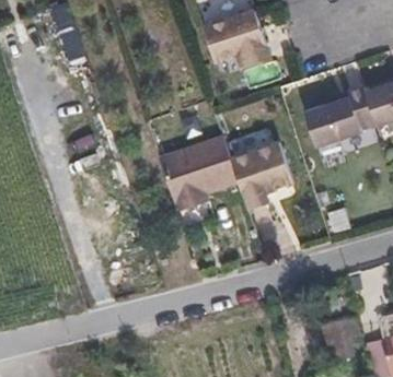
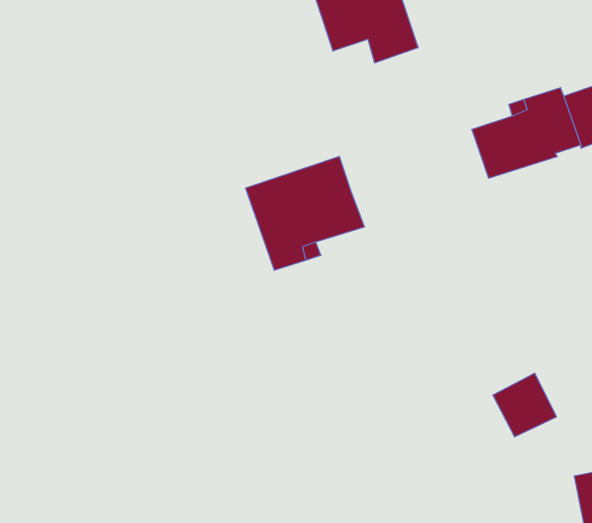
building: [231,138,294,205] -> none
building: [319,321,360,363] -> [493,373,556,437]

